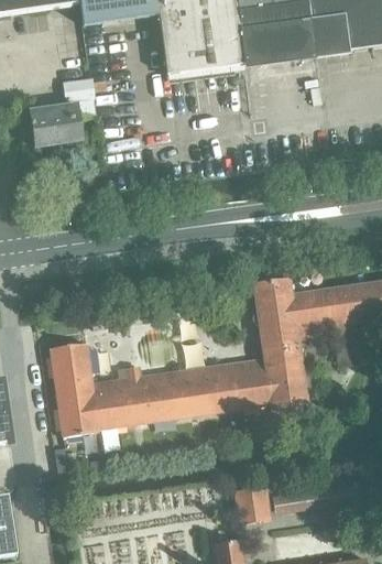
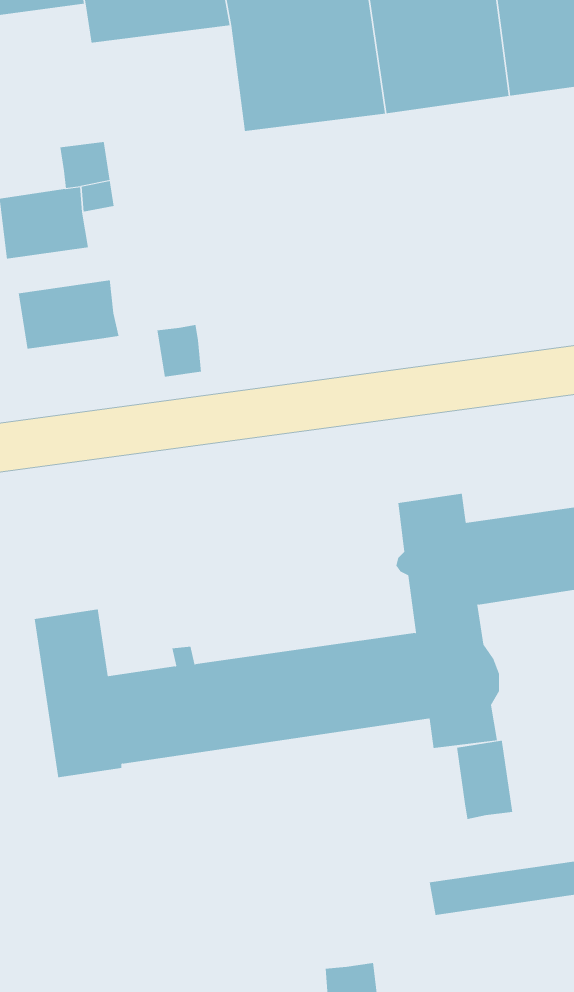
building: none -> [18,280,119,350]
building: none -> [157,324,202,377]
building: none -> [456,740,513,820]
building: [236,486,271,522] -> none

